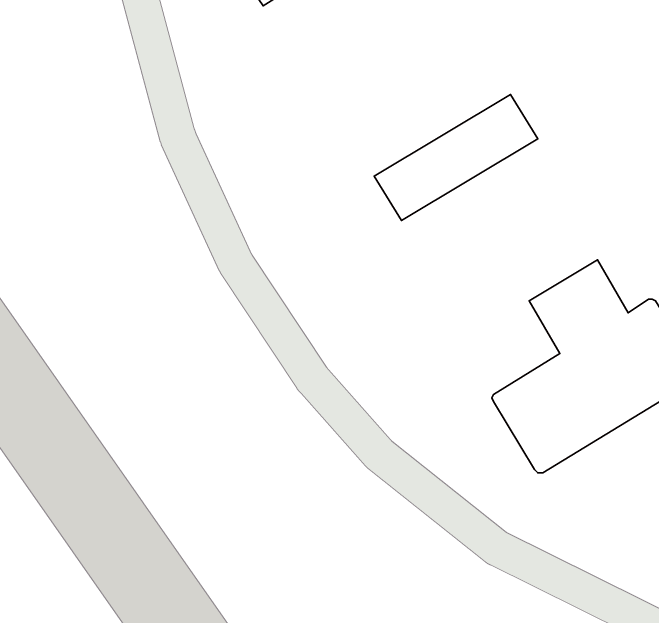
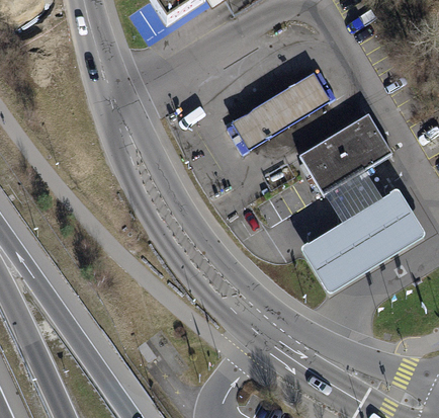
building: none -> [299,109,394,192]

